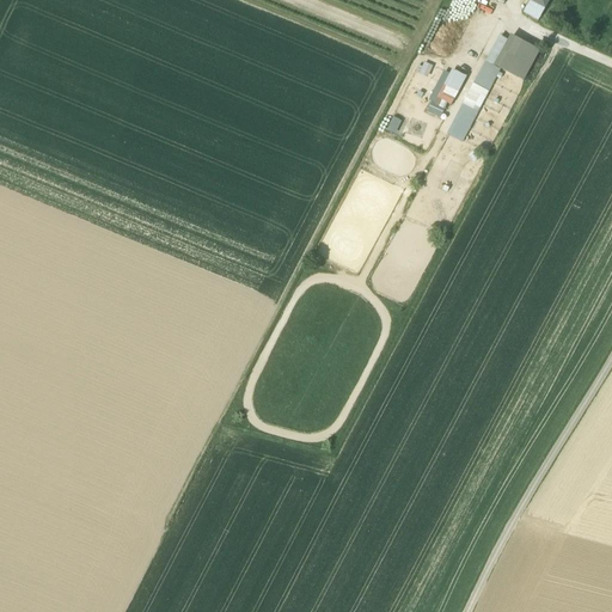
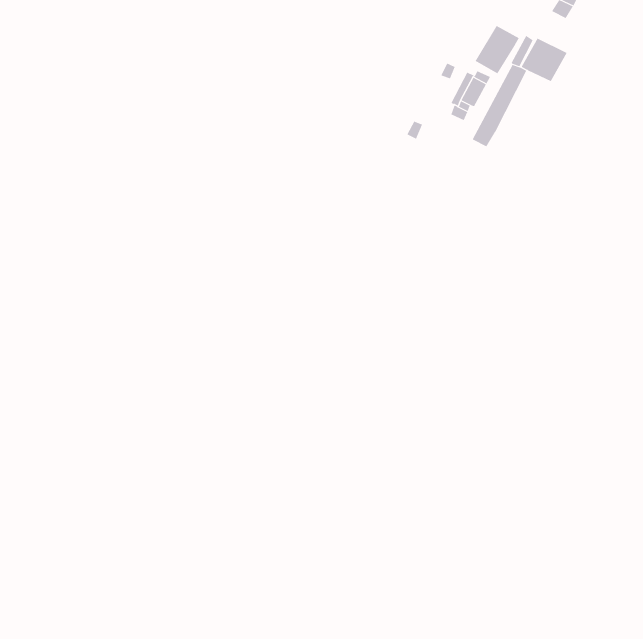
building: none -> [475,25,519,74]

